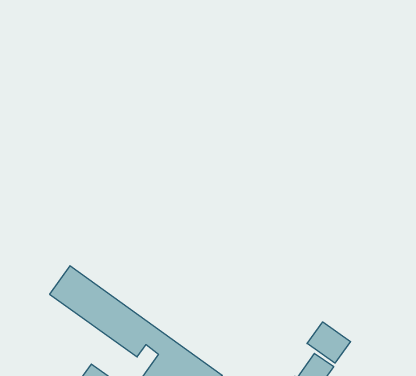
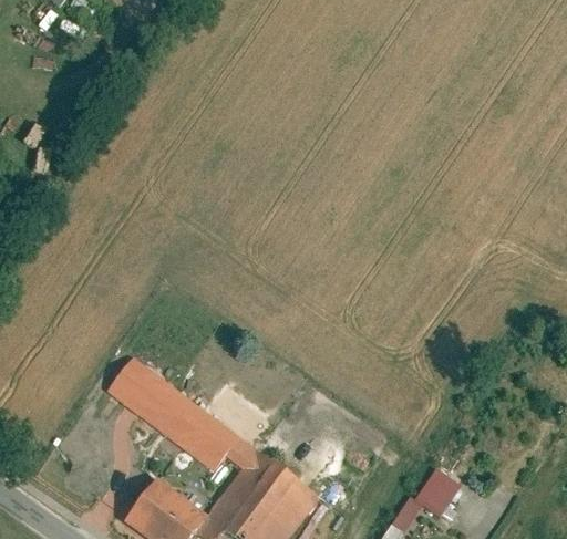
building: [307,322,351,363] -> none

